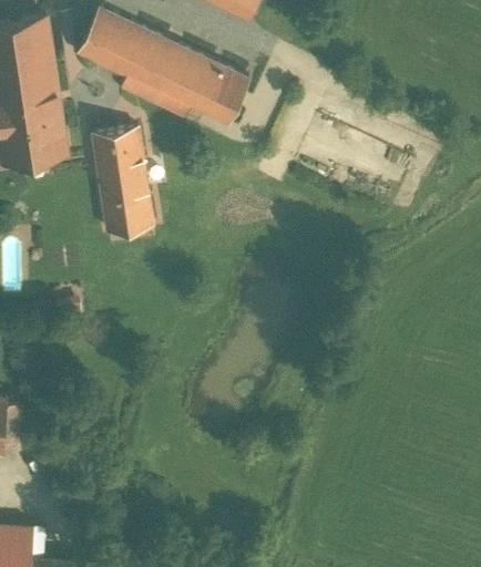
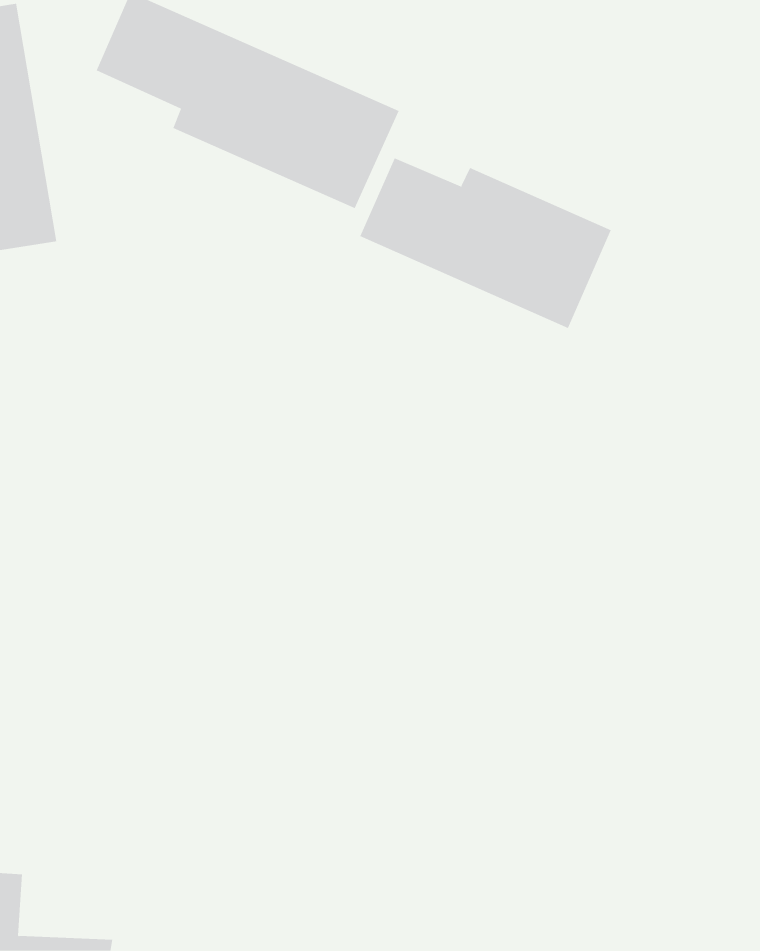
building: none -> [359,158,611,329]
building: [90,127,155,239] -> none

